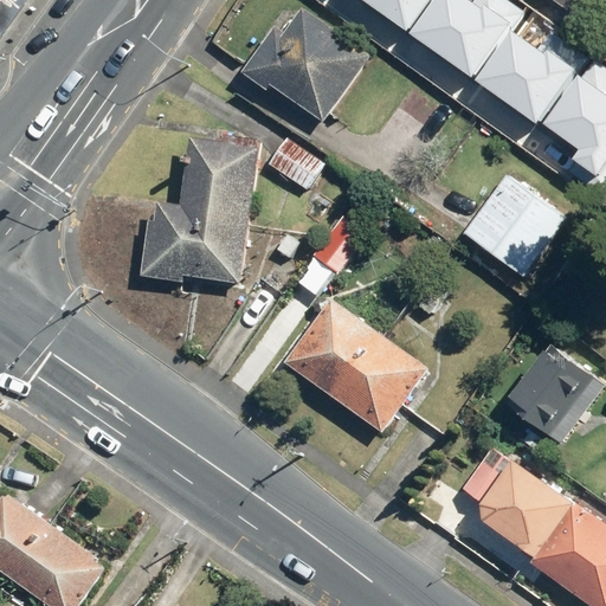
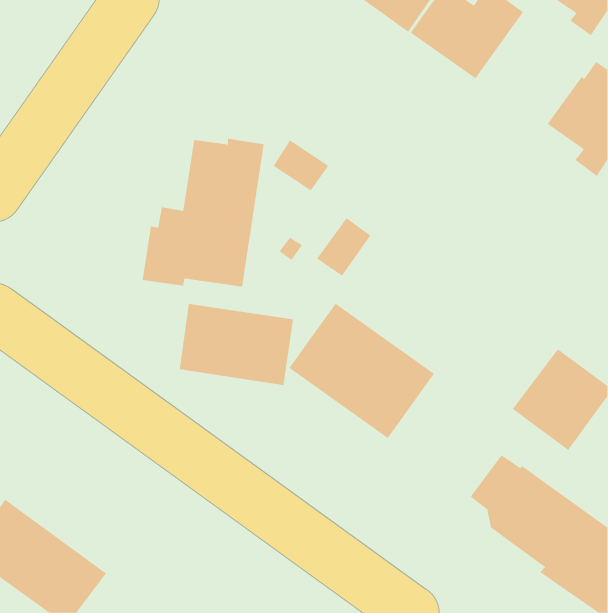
building: [243,9,369,123] -> none
building: [470,31,572,125] -> none
building: [462,174,566,278] -> none
building: none -> [179,303,293,386]

